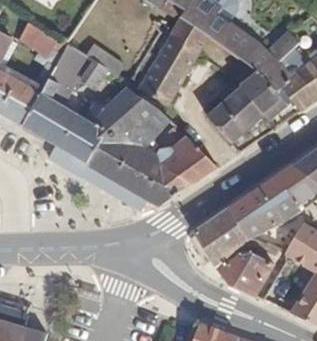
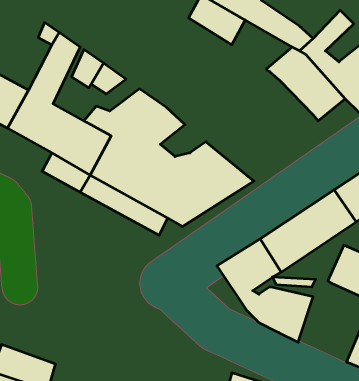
building: [136,34,203,109] -> none
building: [208,78,269,141] -> none

